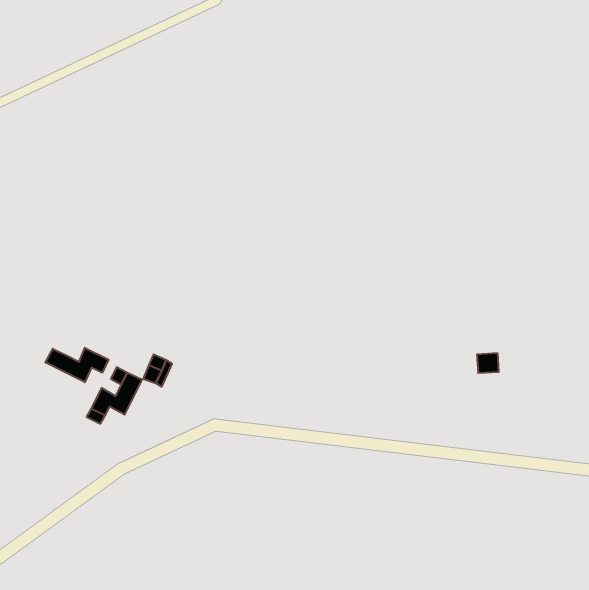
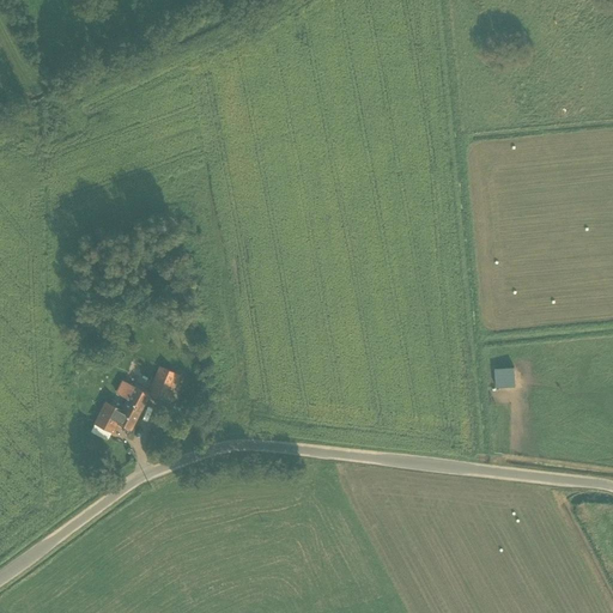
building: [45,348,109,382] -> none

